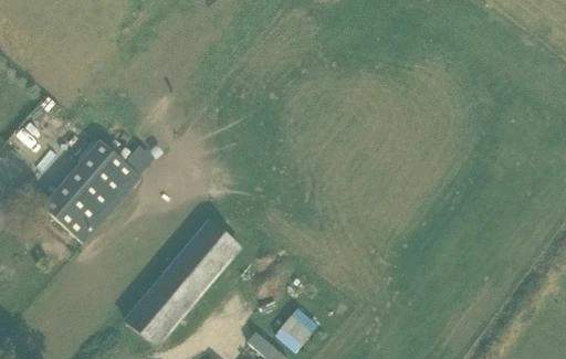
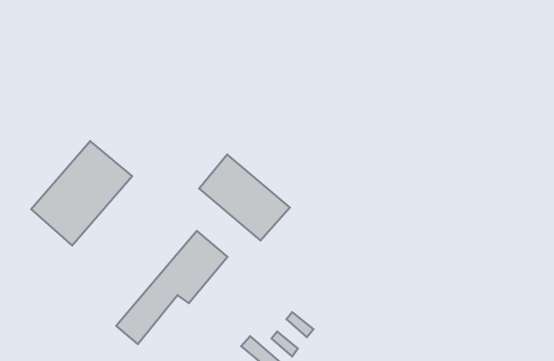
building: none -> [199,155,290,241]

